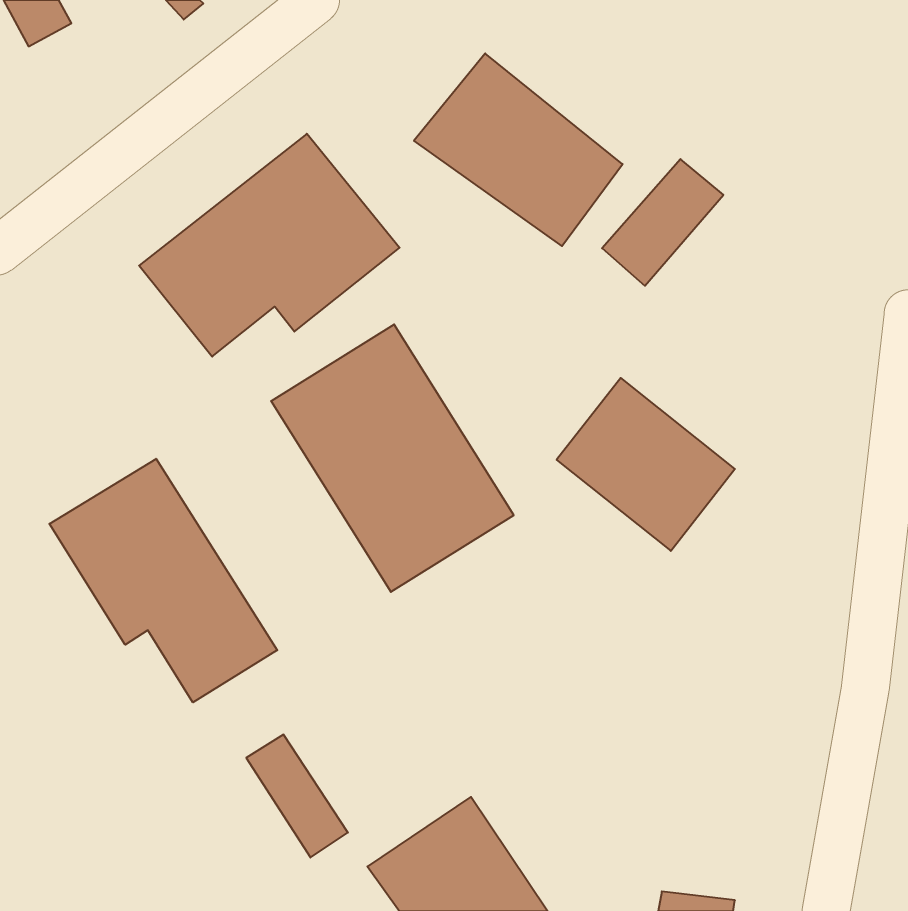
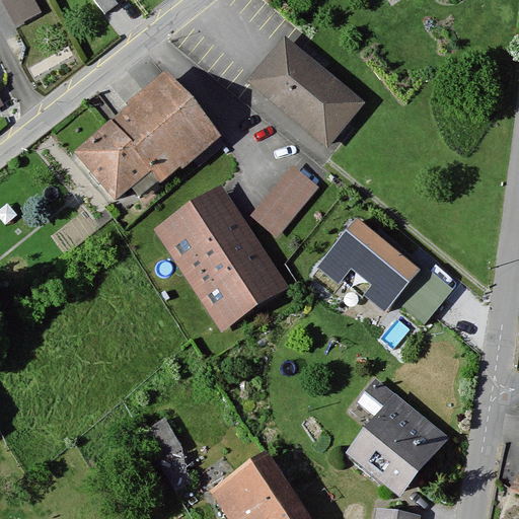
building: [602,159,723,286] -> [247,164,316,236]
building: [49,459,277,702] -> none
building: none -> [346,394,449,498]

